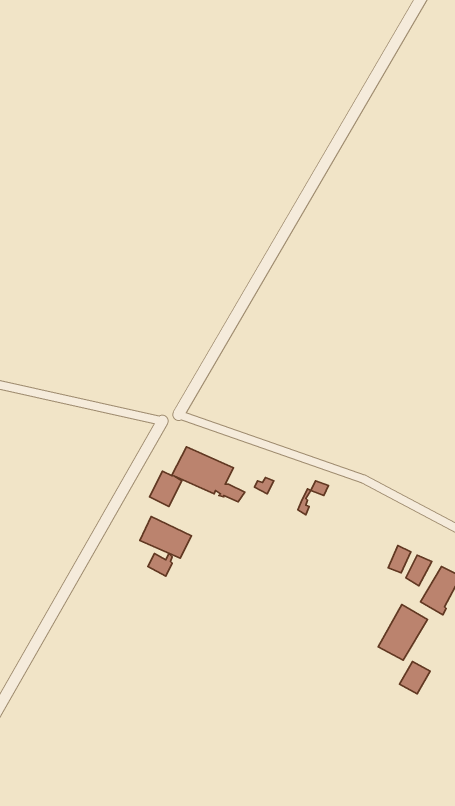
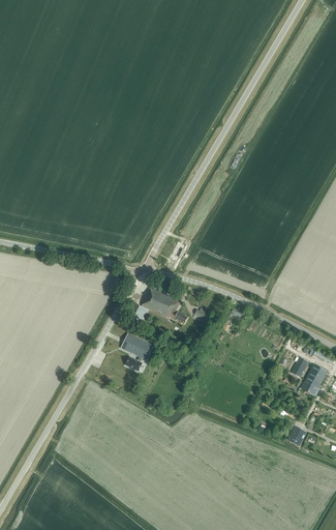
building: [378,605,428,660] -> none

